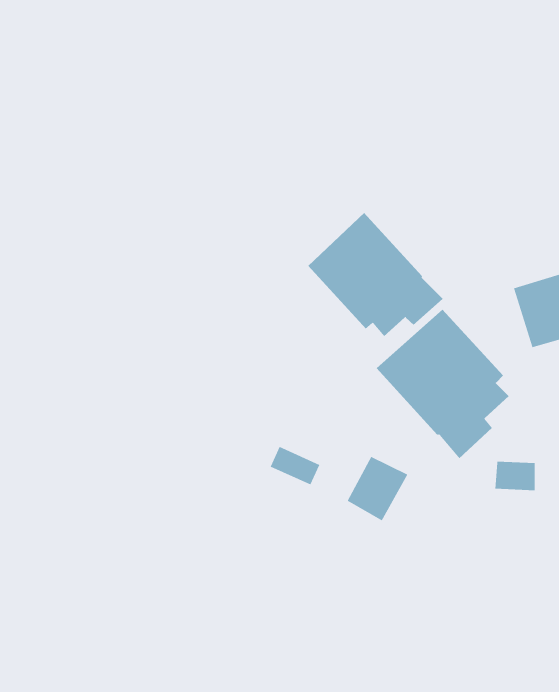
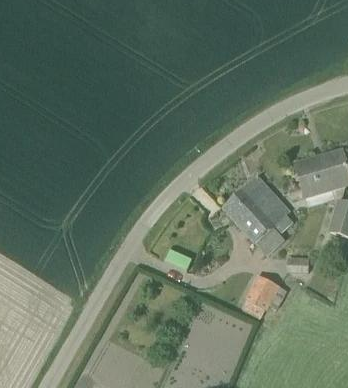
building: [308,212,443,337] -> none
building: [347,456,408,521] -> [245,275,278,310]

